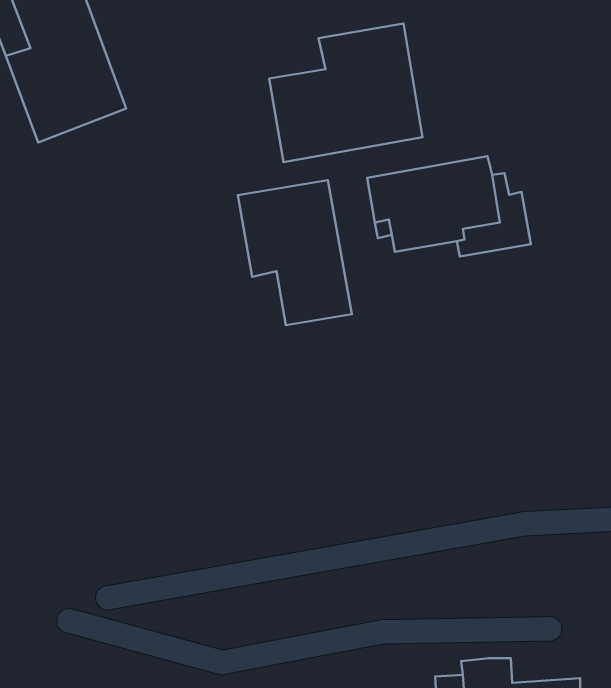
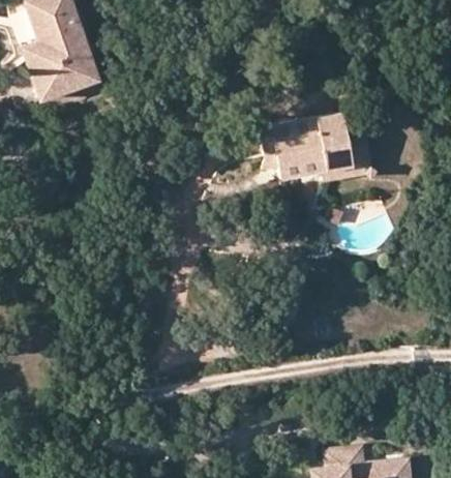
building: [269,23,423,162] -> none
building: [238,180,352,325] -> none

